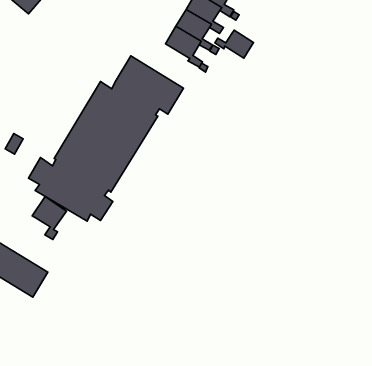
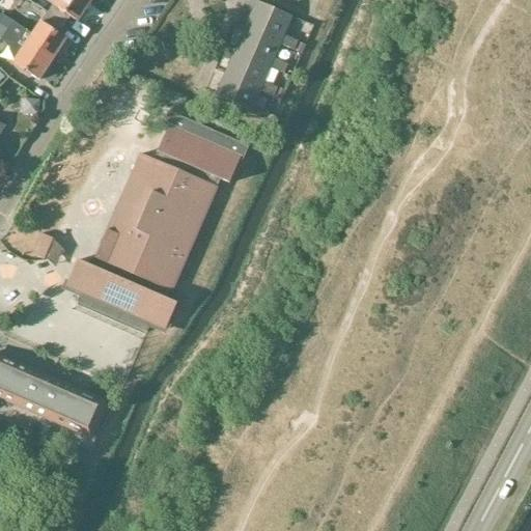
building: [215,30,254,58] -> none
building: [32,196,67,240] -> none

